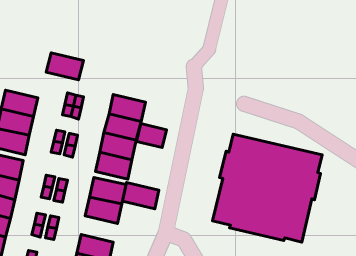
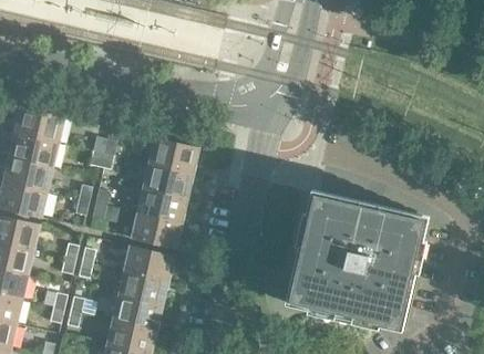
building: [46,53,84,80] -> [16,107,64,143]
building: [136,124,166,148] -> none
building: [122,182,159,209] -> [114,296,162,331]

